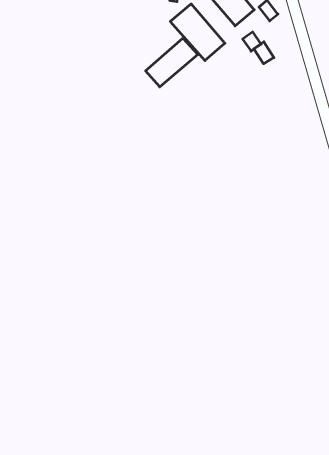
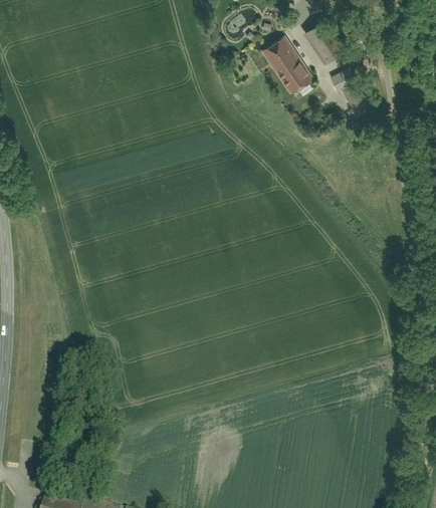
building: [146,38,198,87] -> none

